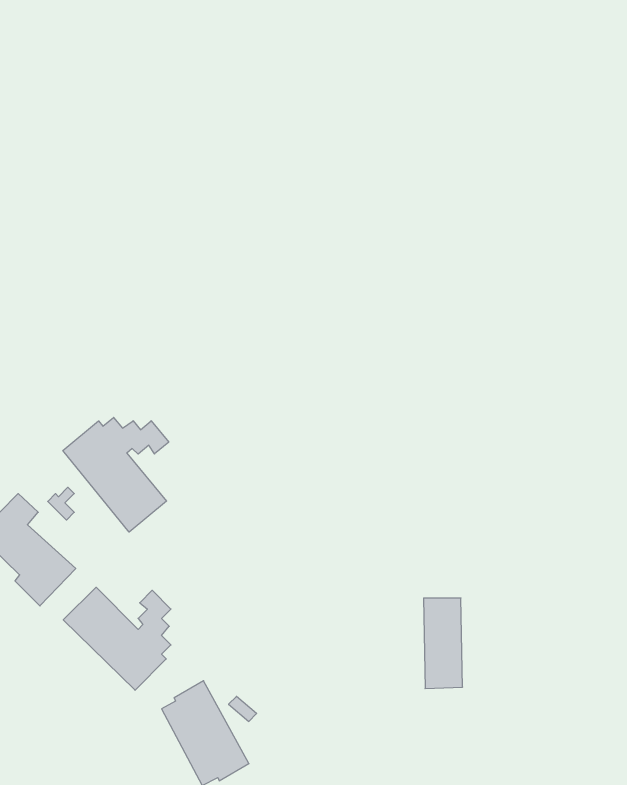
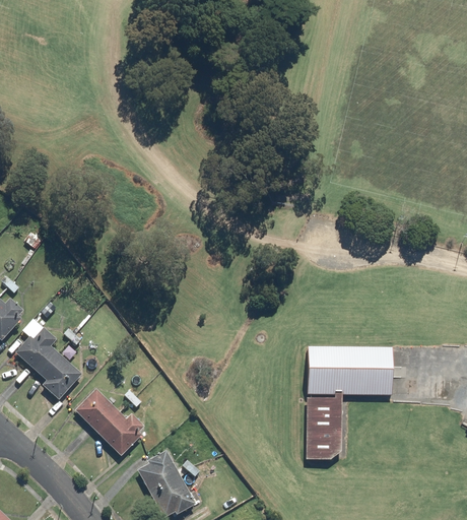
building: [63,417,169,532] -> none
building: none -> [309,342,395,390]

